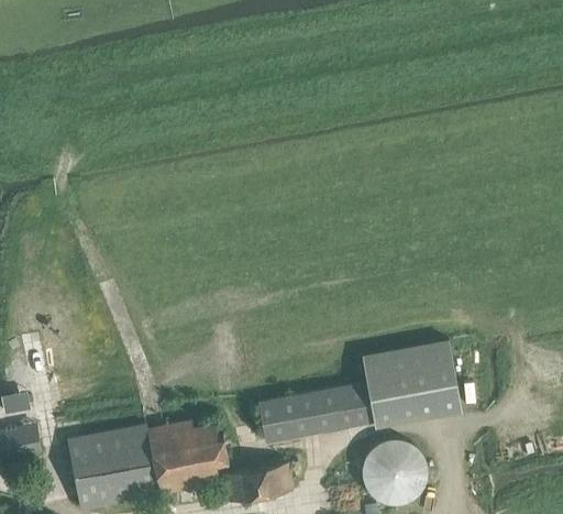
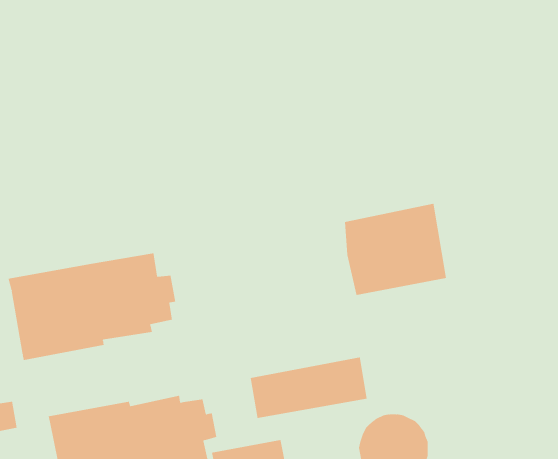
building: none -> [8,253,176,361]
building: [366,335,463,422] -> [344,203,447,296]

